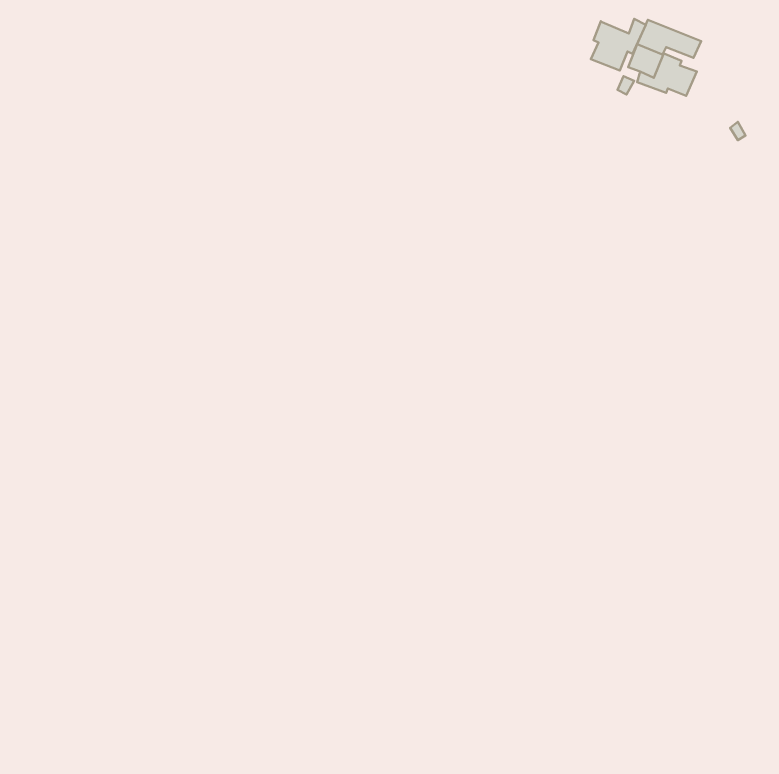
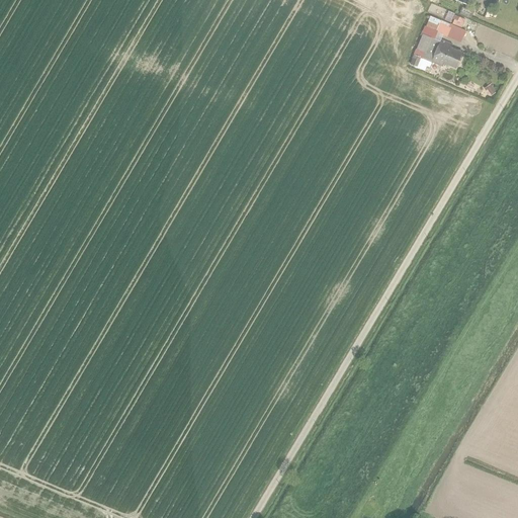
building: [591,19,646,70] -> none

